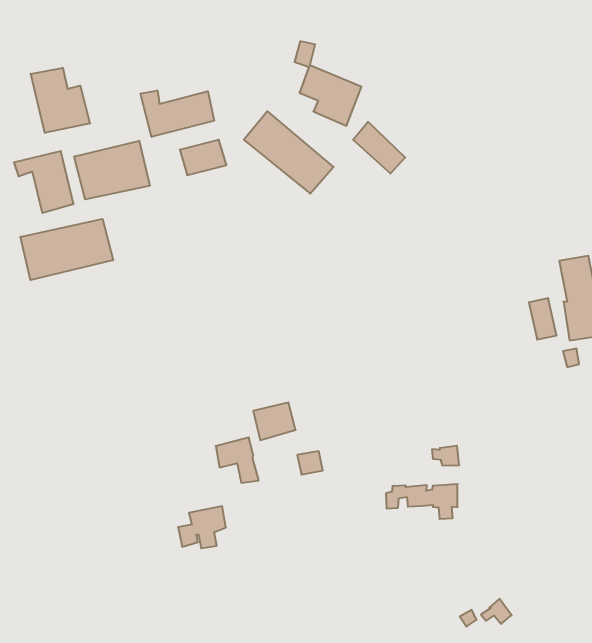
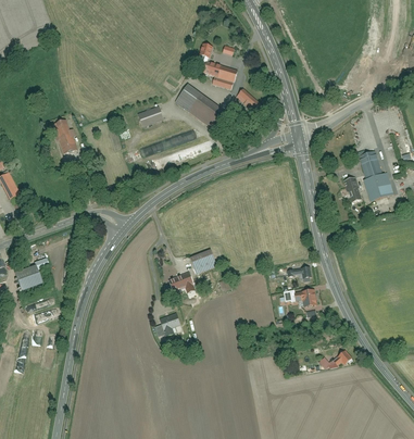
building: [31,68,90,133] -> none
building: [140,90,214,137] -> none
building: [74,141,150,199] -> none
building: [20,219,113,280] -> none

